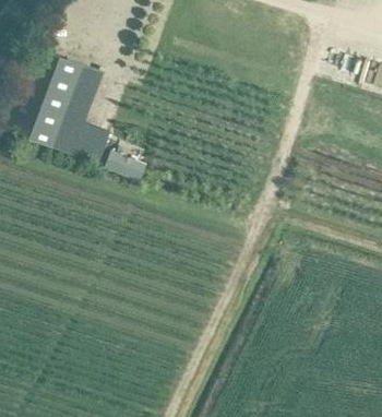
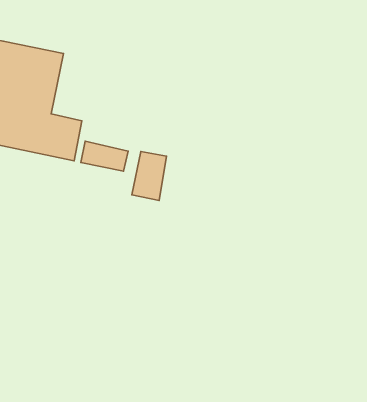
building: none -> [132,151,167,200]

